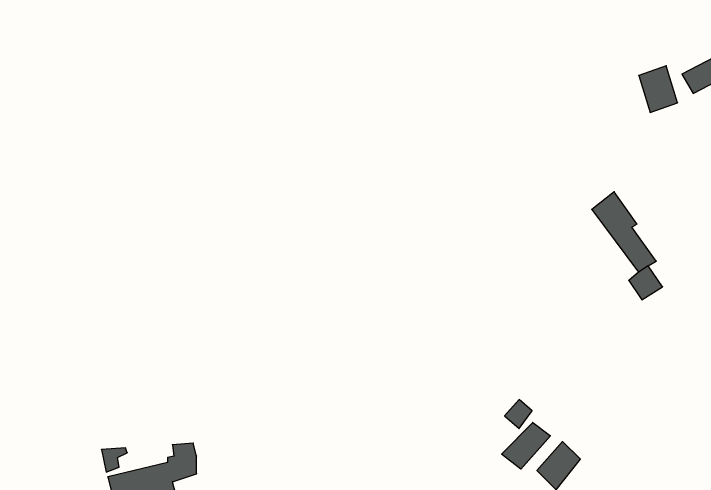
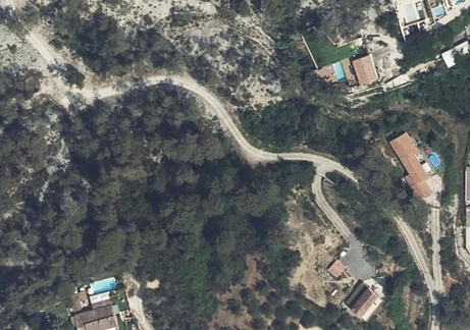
building: [639,66,678,112] -> [353,56,377,86]
building: [502,422,550,469] -> none

